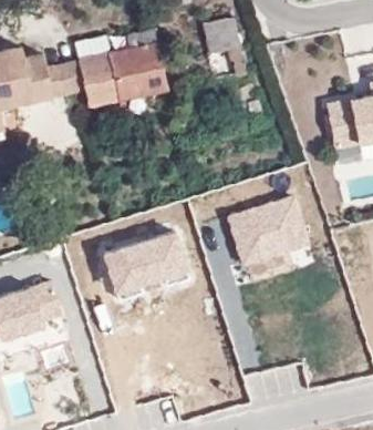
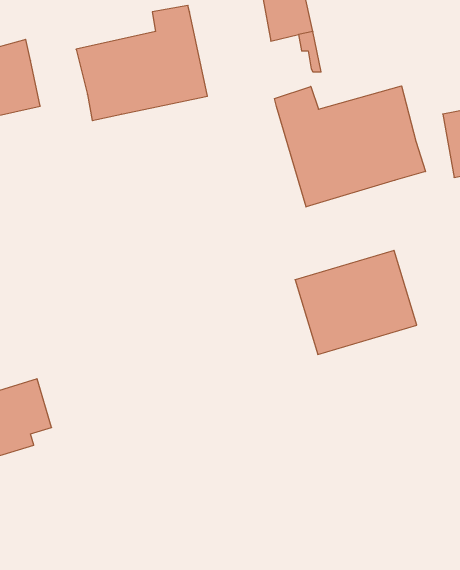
building: [44,59,83,98] -> none
building: none -> [274,86,425,207]
building: [105,235,188,298] -> none

